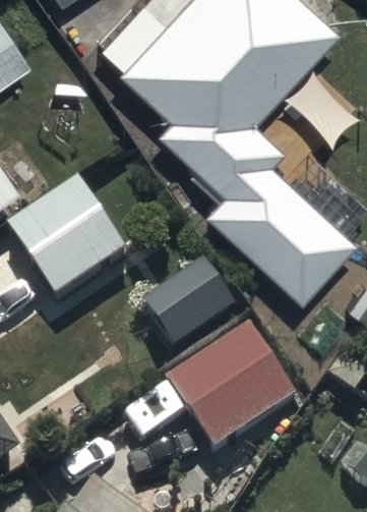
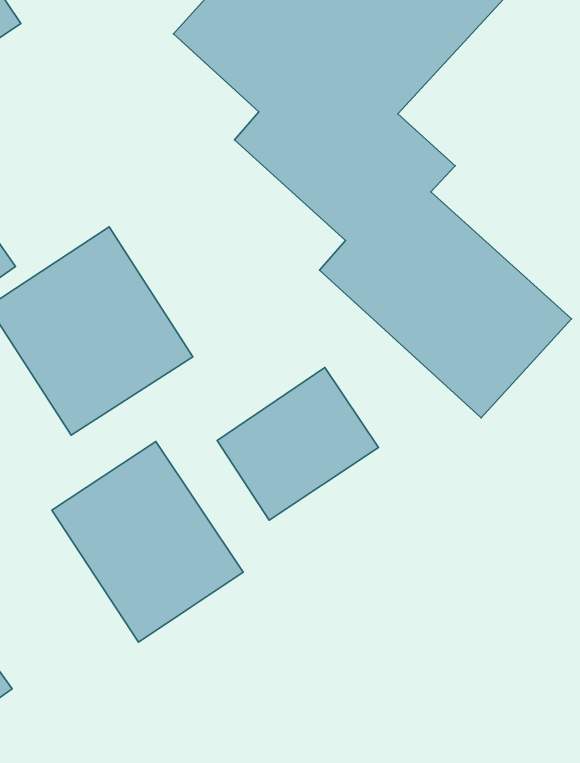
building: none -> [52,442,243,642]
building: [166,322,297,450] -> none

